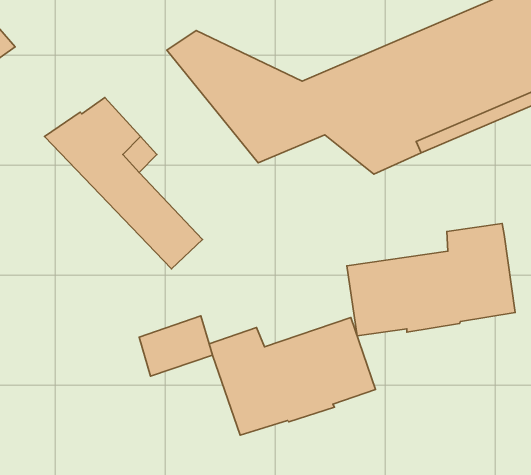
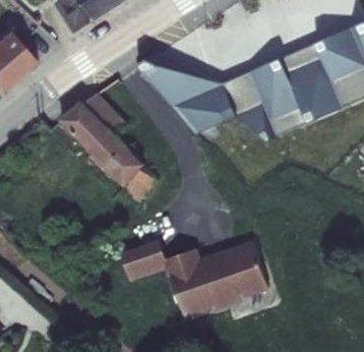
building: [347,224,515,336] -> none

